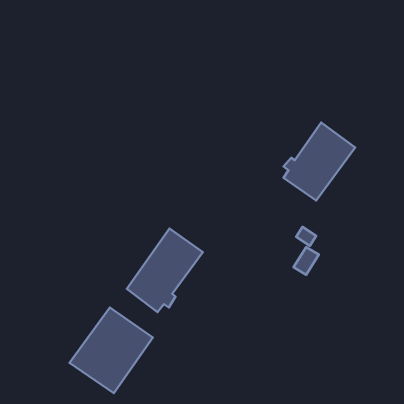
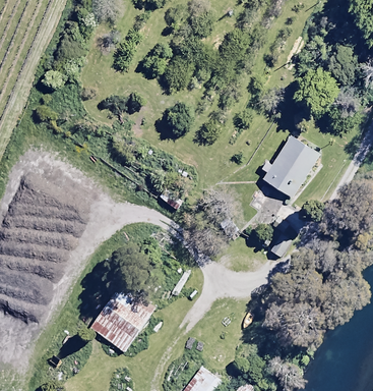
building: [127,229,203,312] -> none

